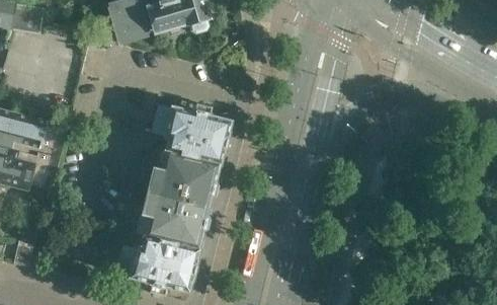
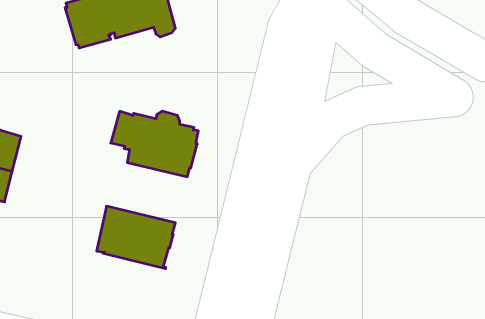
building: [145,149,220,207] -> none
building: [114,235,199,292] -> none

